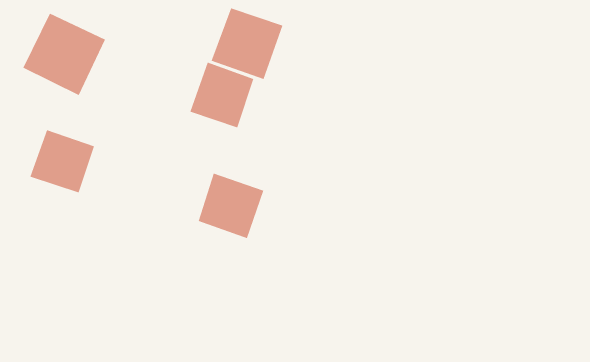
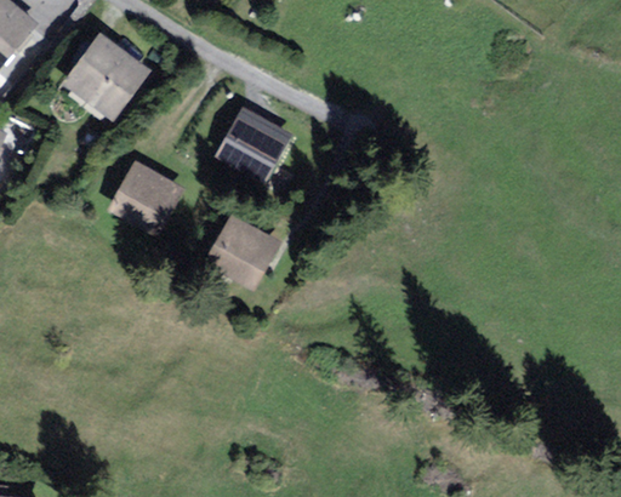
building: [211,7,283,80] -> none
building: [30,130,95,193] -> [114,164,181,229]

